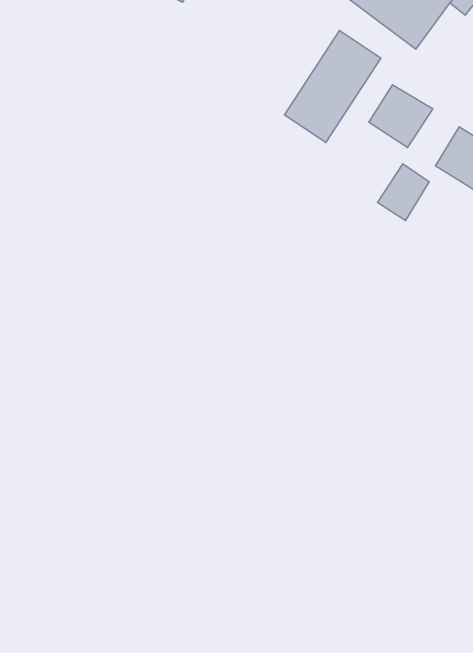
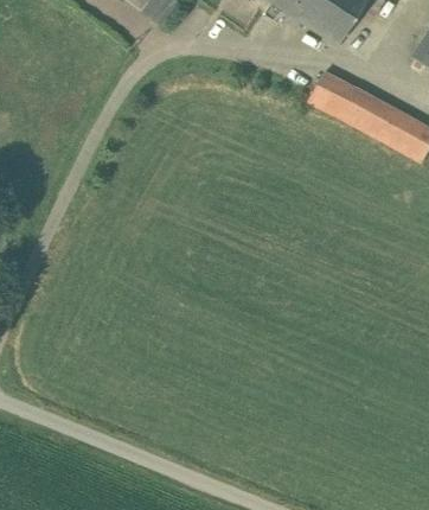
building: [284,31,381,142] -> none
building: [378,164,429,221] -> [339,87,376,128]

